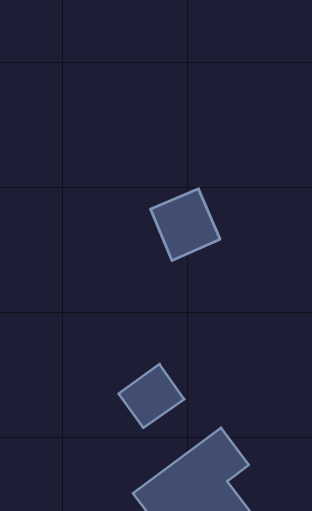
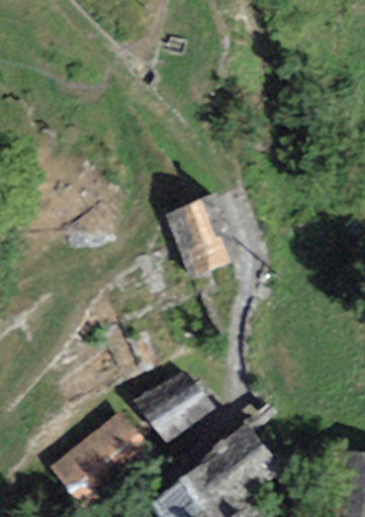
building: none -> [54,417,144,501]

